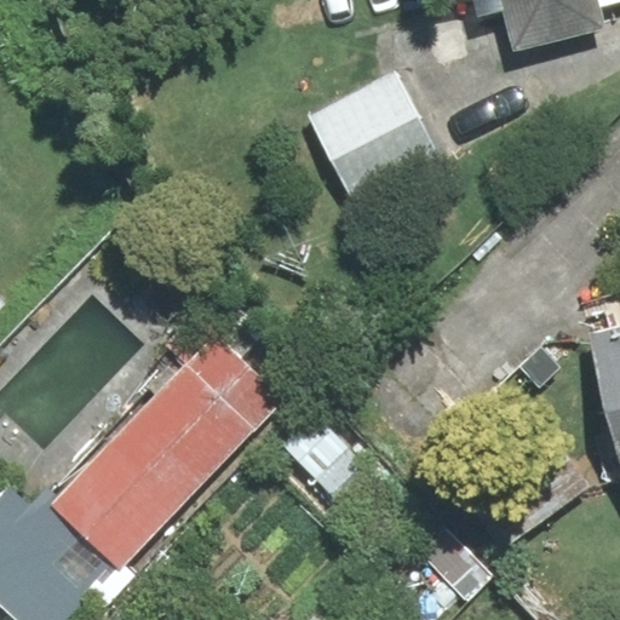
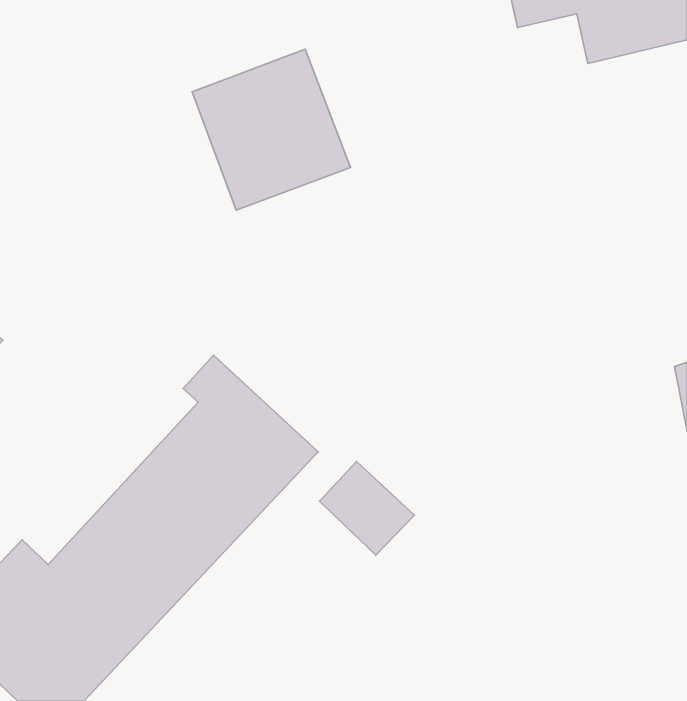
building: [305,74,444,216] -> [192,49,350,210]

